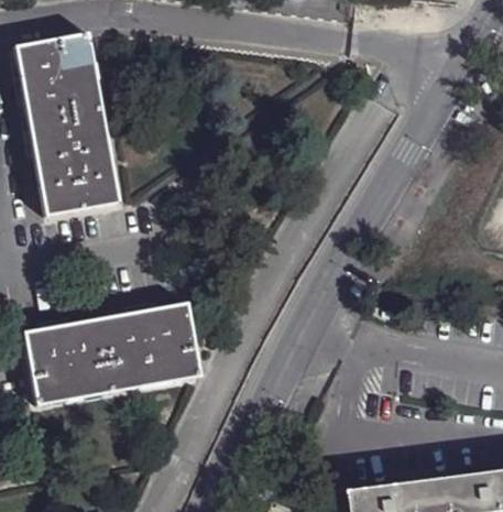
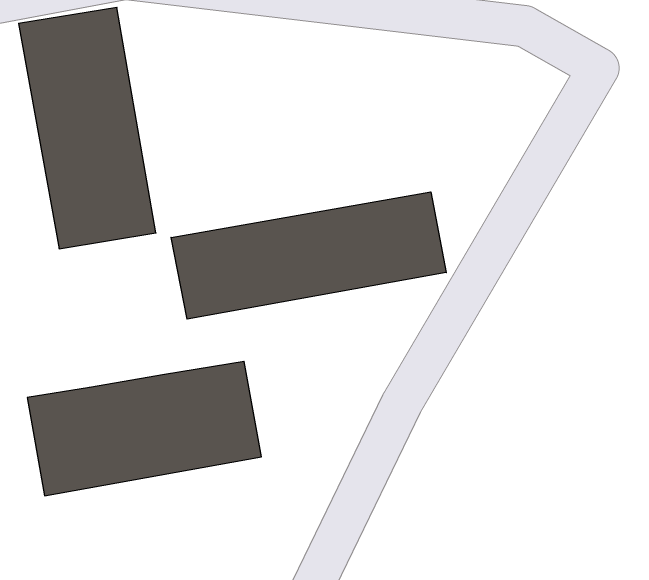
building: none -> [171,192,446,319]

